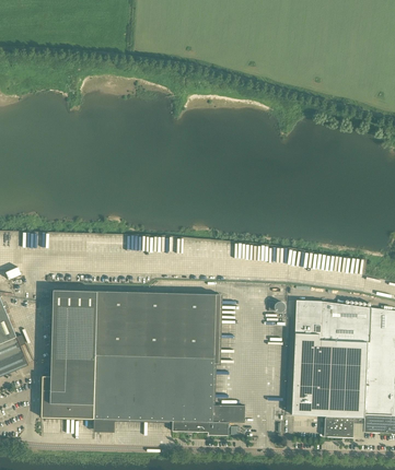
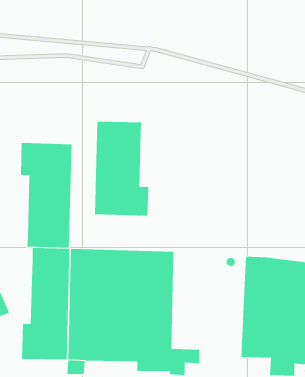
building: none -> [94,121,149,216]
building: none -> [20,142,72,249]

